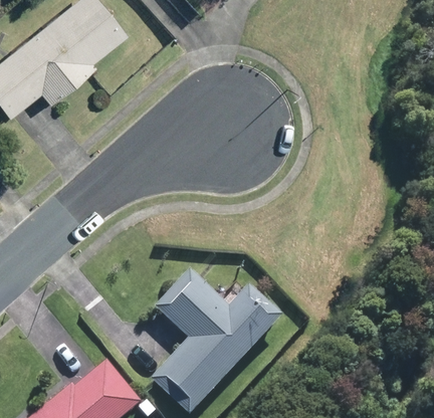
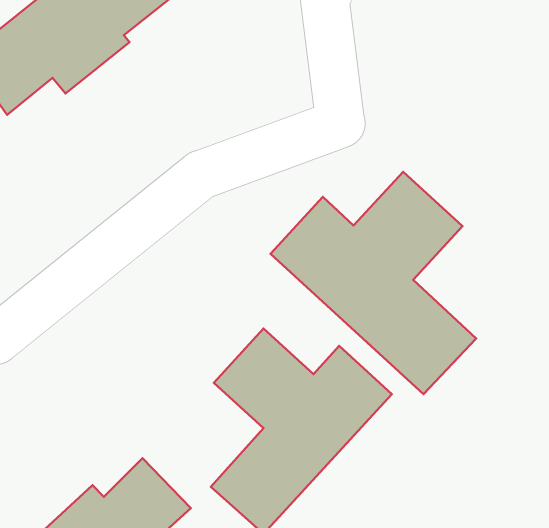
building: none -> [271,172,476,394]

